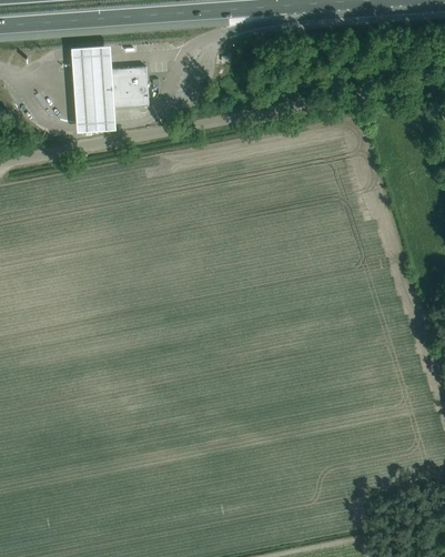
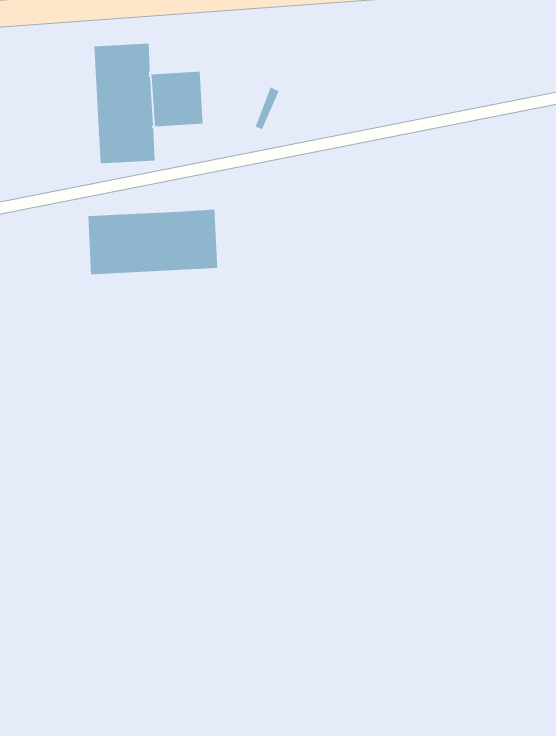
building: none -> [88,209,218,275]

